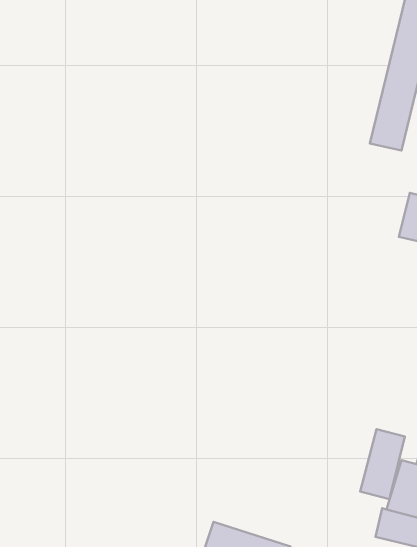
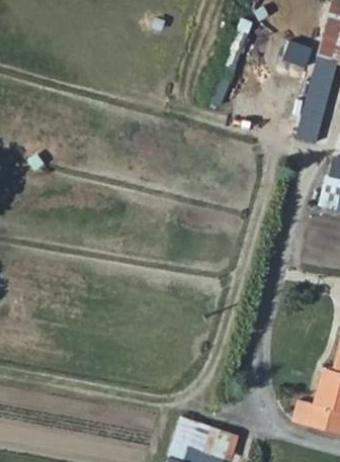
building: [360,429,405,499] -> none

